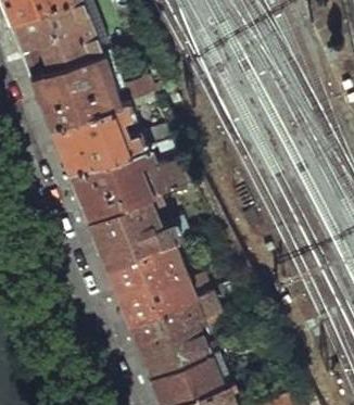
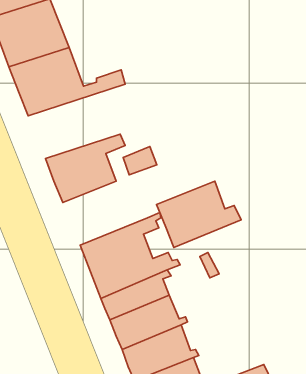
building: [51,93,176,173] -> none
building: [88,194,178,265] -> [157,181,241,247]

